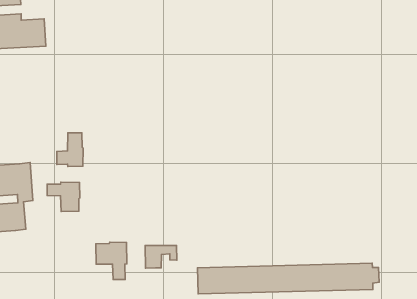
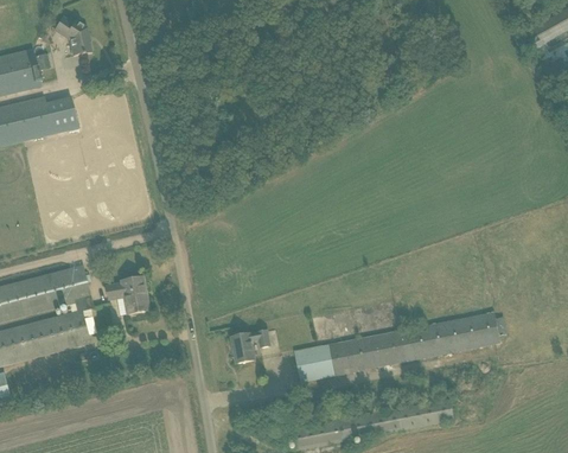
building: [57,133,83,166] -> none
building: [96,242,127,280] -> none

